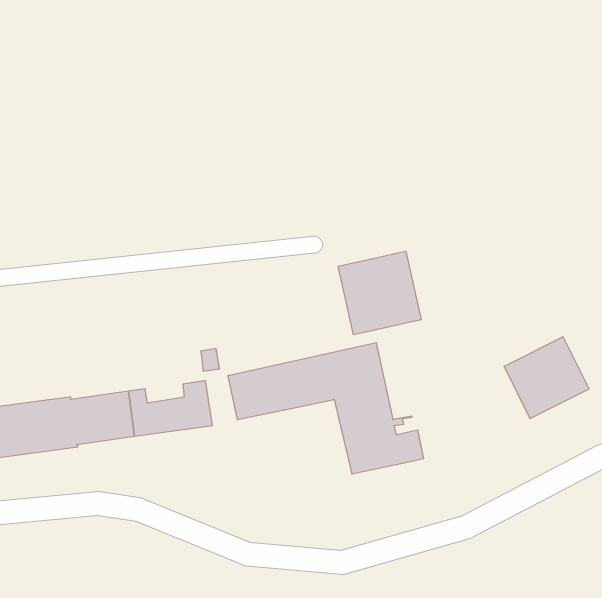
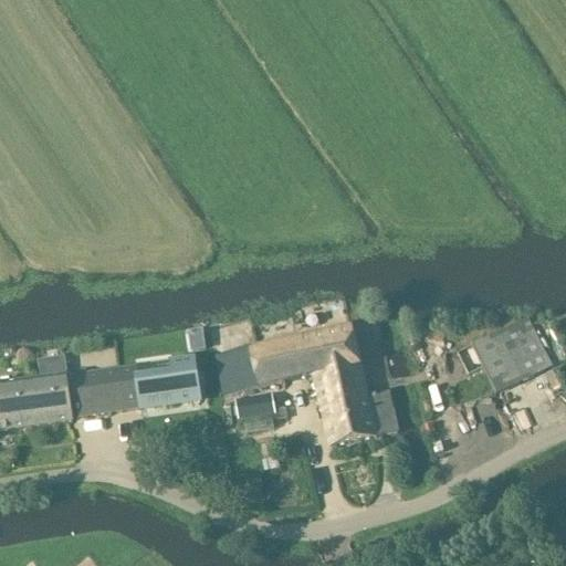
building: [338,251,421,335] -> none
building: none -> [235,394,274,417]

